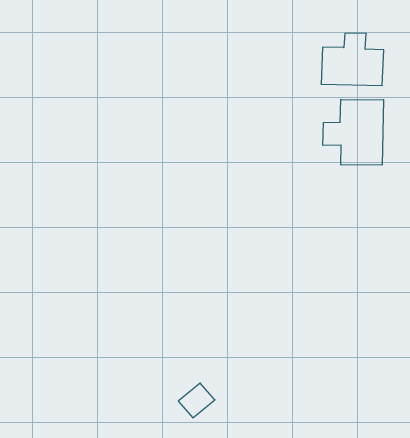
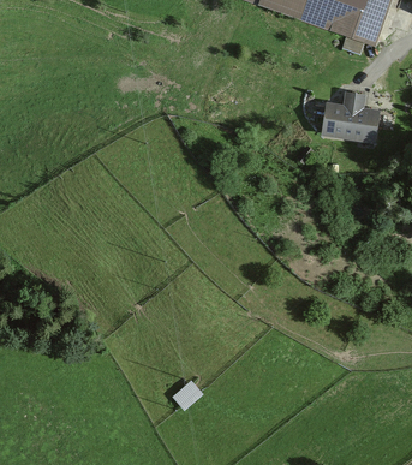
building: [323,99,384,165] -> none

